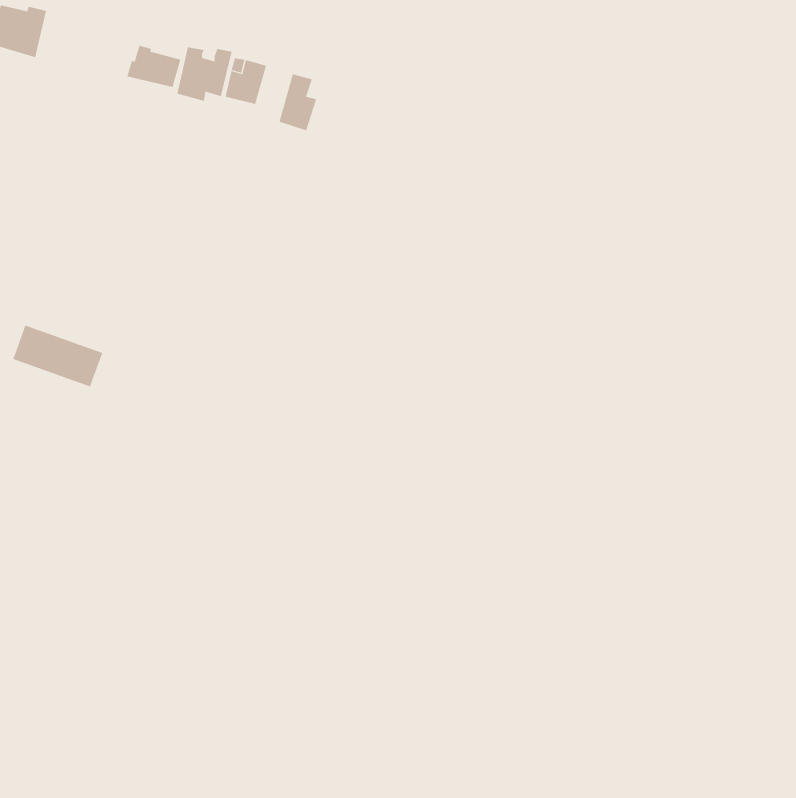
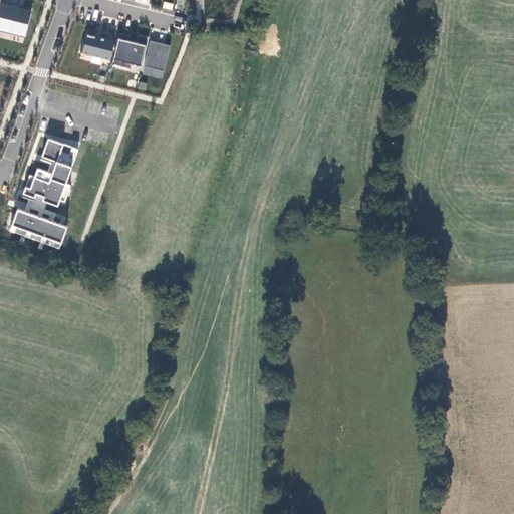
building: [279,74,317,131] -> none
building: none -> [21,139,77,207]

